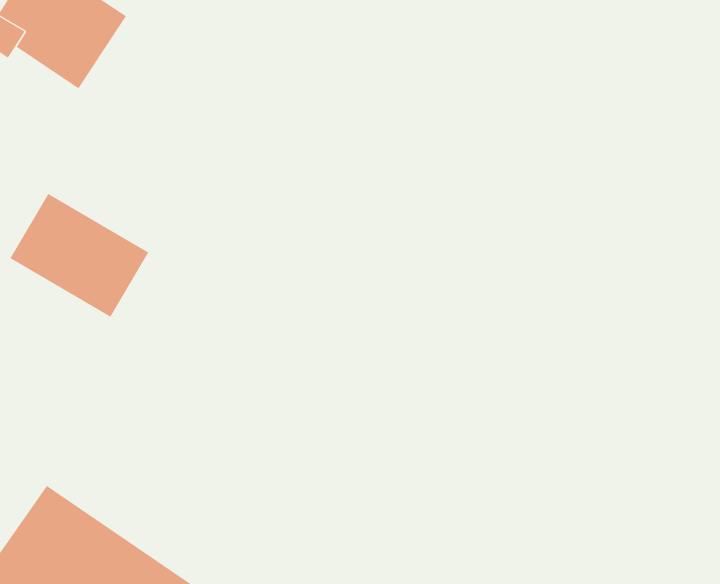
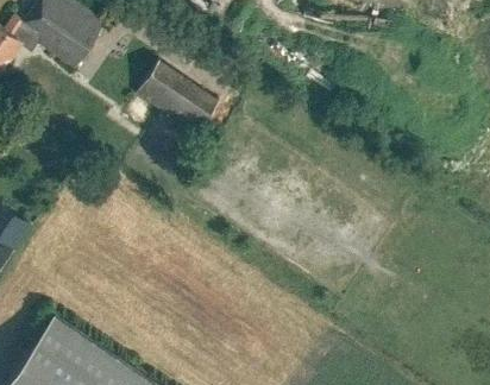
building: [10,193,149,318] -> [130,58,216,135]

